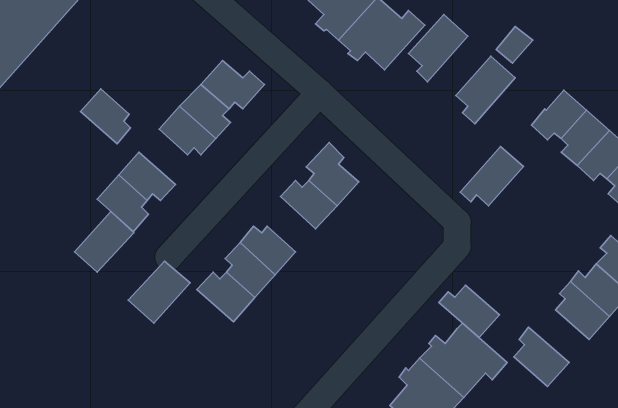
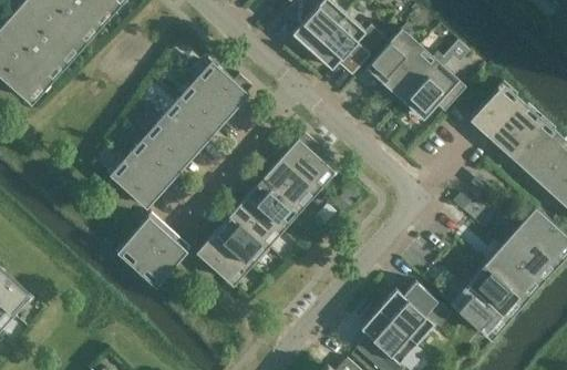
building: [81,89,130,144] -> [150,123,190,168]
building: [460,146,524,206] -> [386,47,439,95]
building: none -> [254,178,295,224]
building: [74,211,134,272] -> [122,214,171,264]
building: [439,285,499,338] -> [470,271,519,315]

